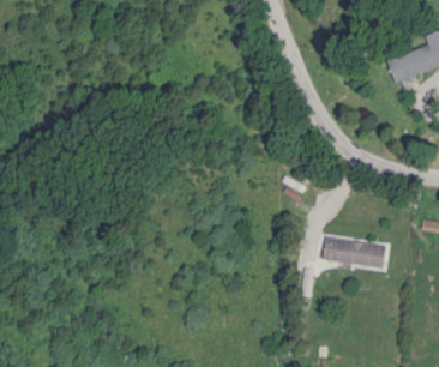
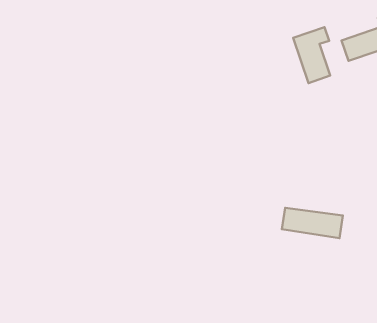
building: none -> [293,27,330,83]

